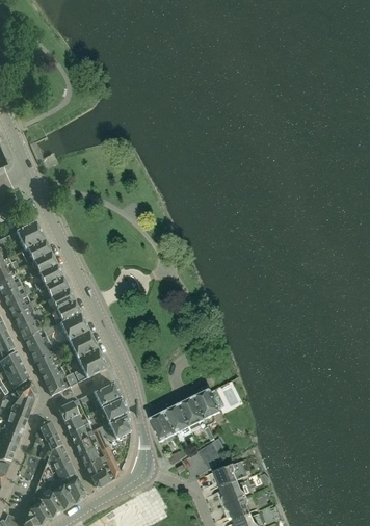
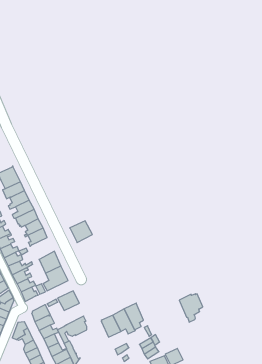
building: [60,313,89,341] -> [70,221,92,243]
building: [194,389,224,425] -> [179,294,203,322]
building: [98,397,129,425] -> none

